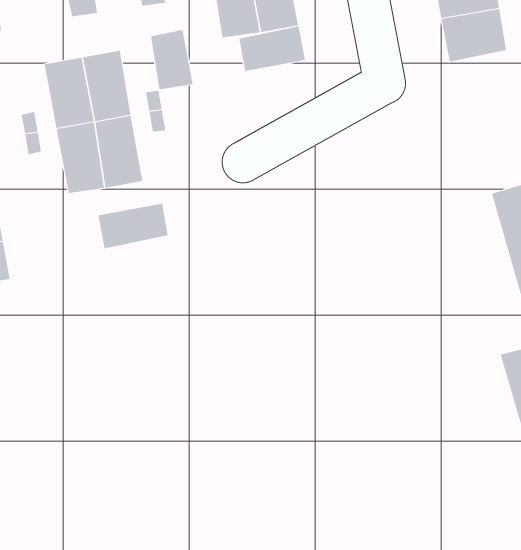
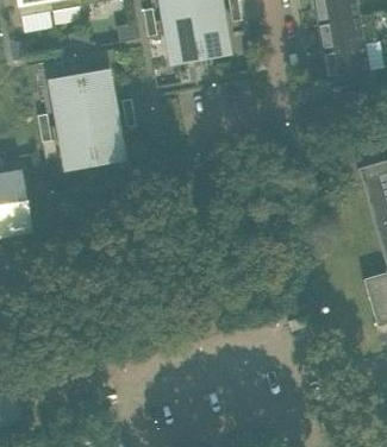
building: [239,25,306,72] -> none
building: [150,29,193,90] -> none
building: [98,203,168,249] -> none

